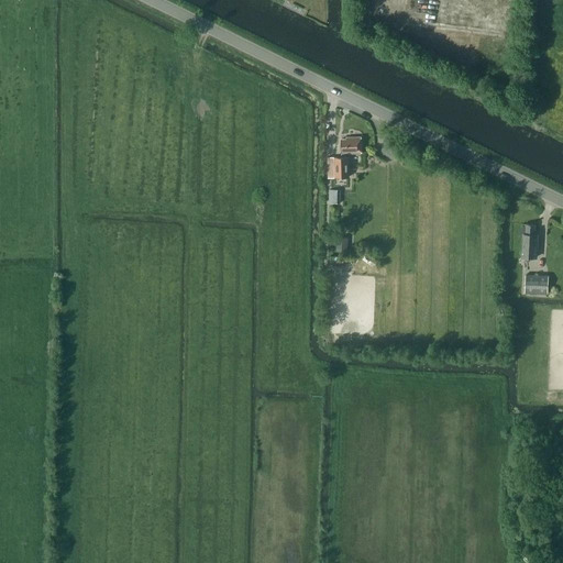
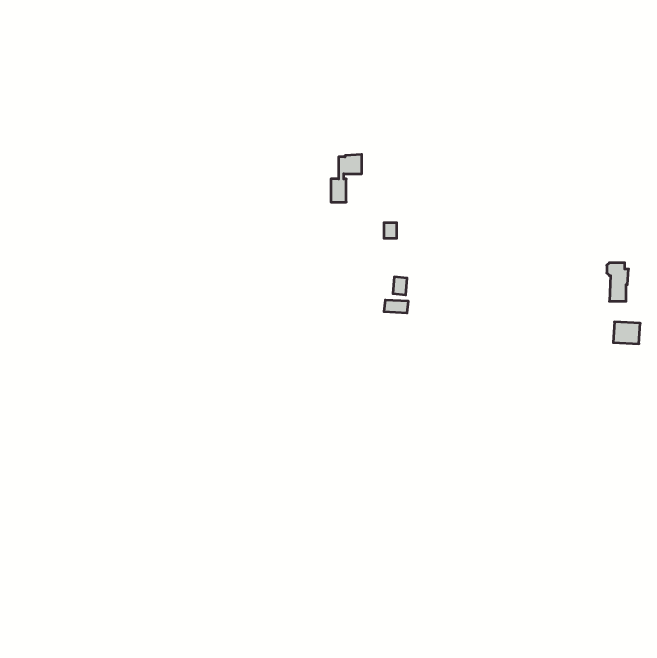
building: [334,136,361,177] -> [331,154,362,202]

